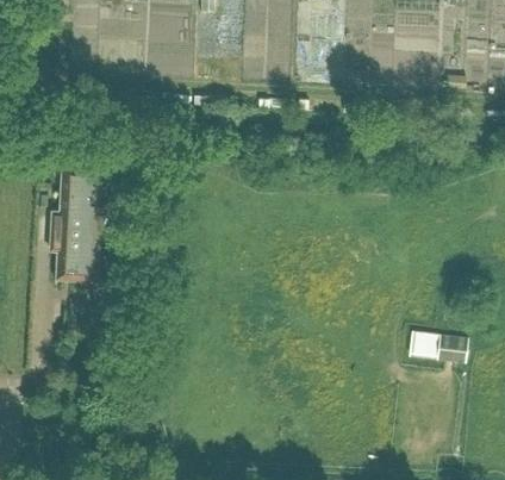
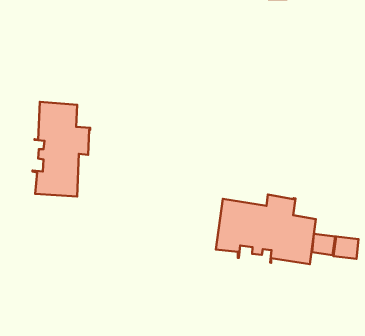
building: none -> [216,195,316,264]

